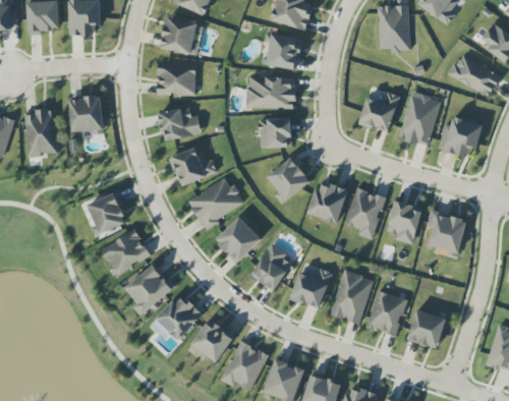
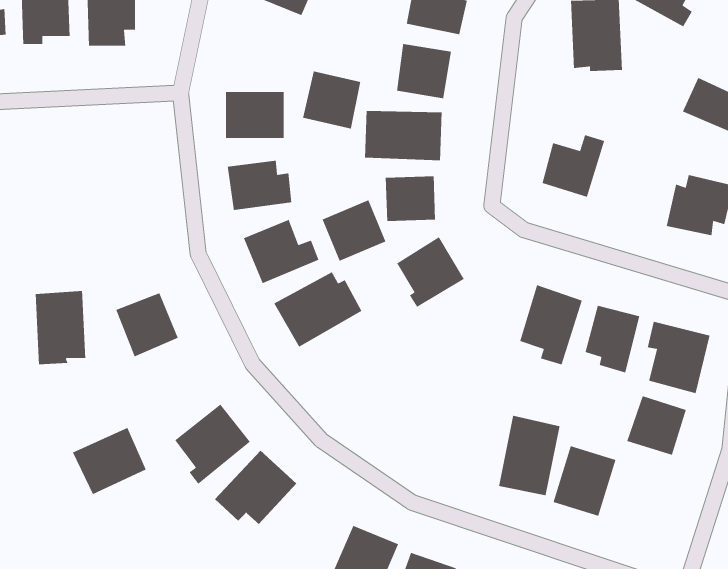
building: [159,16,196,54] -> [302,70,361,129]
building: [397,92,440,147] -> none
building: [69,97,103,132] -> none
building: [24,109,57,157] -> [35,290,86,365]
building: none -> [321,199,387,262]
building: [308,181,346,223] -> none
building: [214,216,262,263] -> none
building: [101,230,149,274] -> [72,427,147,495]
building: [249,244,291,290] -> none
building: [289,268,333,309] -> none
building: [406,309,445,348] -> [626,395,687,456]
building: [190,319,234,362] -> none

